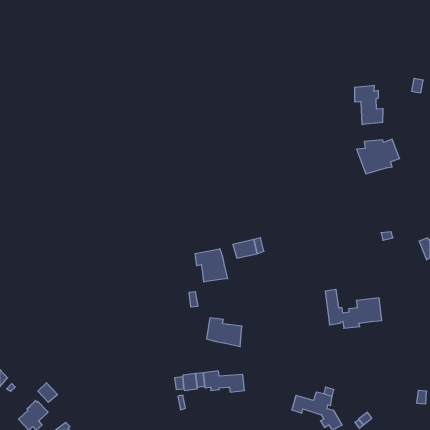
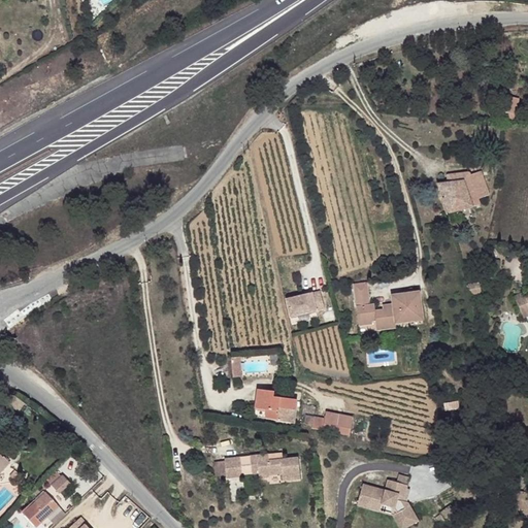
building: [355,85,383,125] -> none
building: [195,249,228,282] -> none
building: [325,289,382,328] -> [353,282,422,329]
building: none -> [303,411,352,435]

